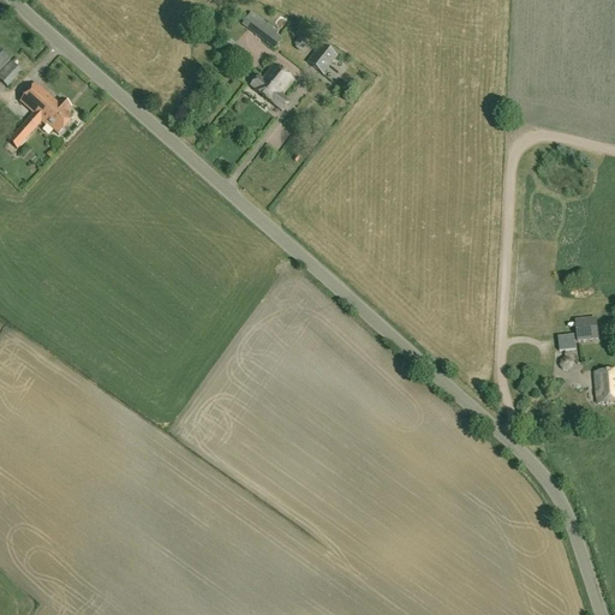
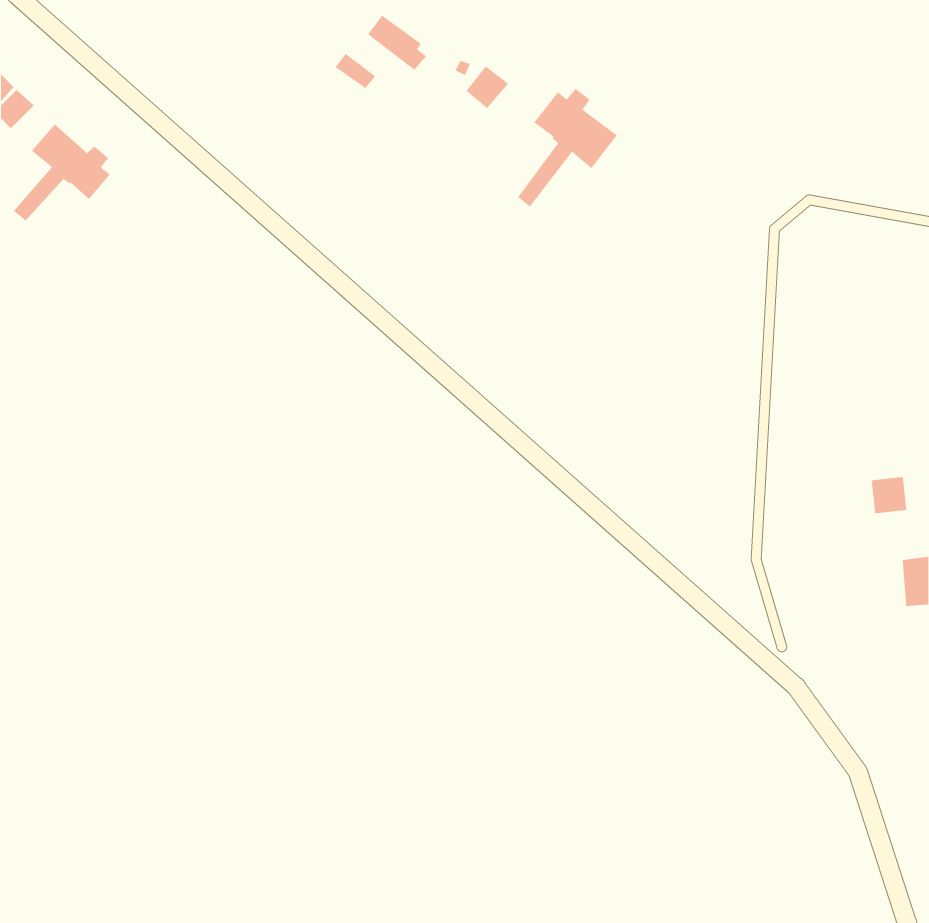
building: none -> [517,88,618,207]
building: [251,62,294,109] -> none

